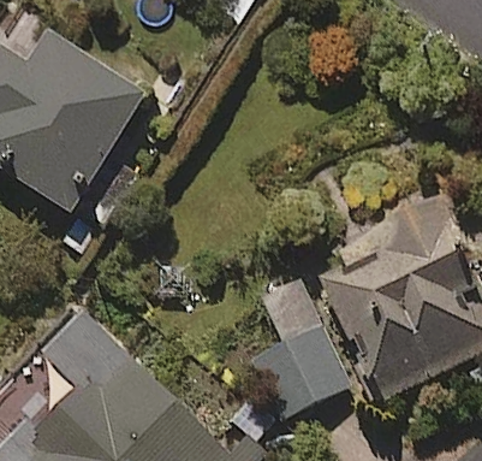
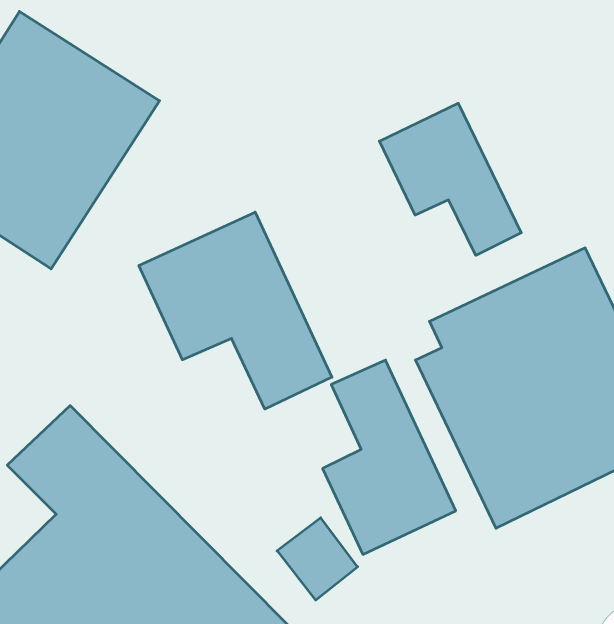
building: none -> [379,103,521,255]
building: none -> [139,212,332,409]

